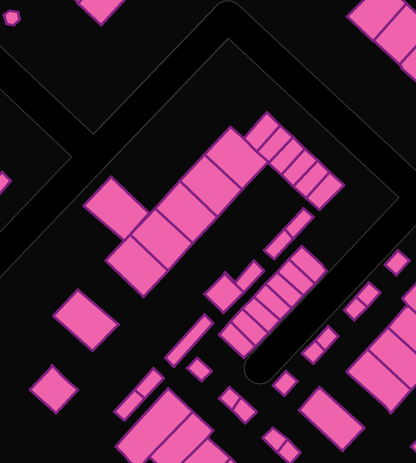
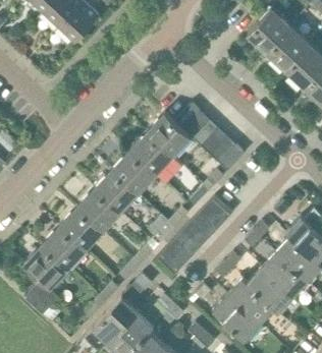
building: [84,177,149,241] -> [58,207,104,251]
building: none -> [23,245,68,290]
building: none -> [227,279,273,323]

